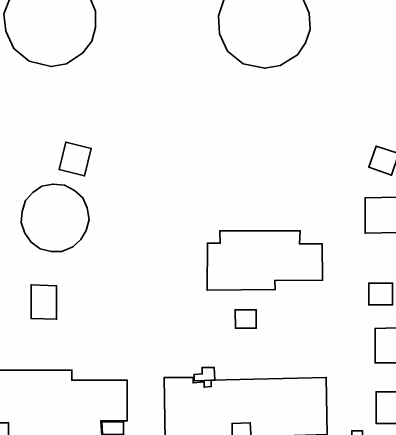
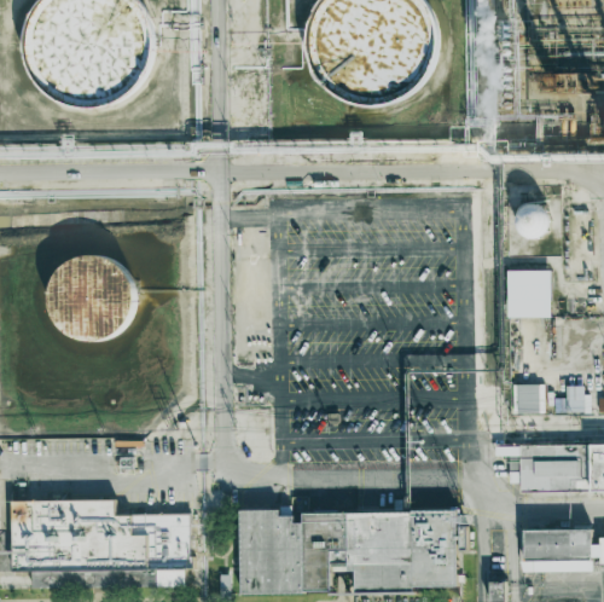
building: [59,142,91,176] -> none
building: [207,231,323,290] -> none
building: [31,285,57,319] -> none
building: [235,310,256,328] -> none

